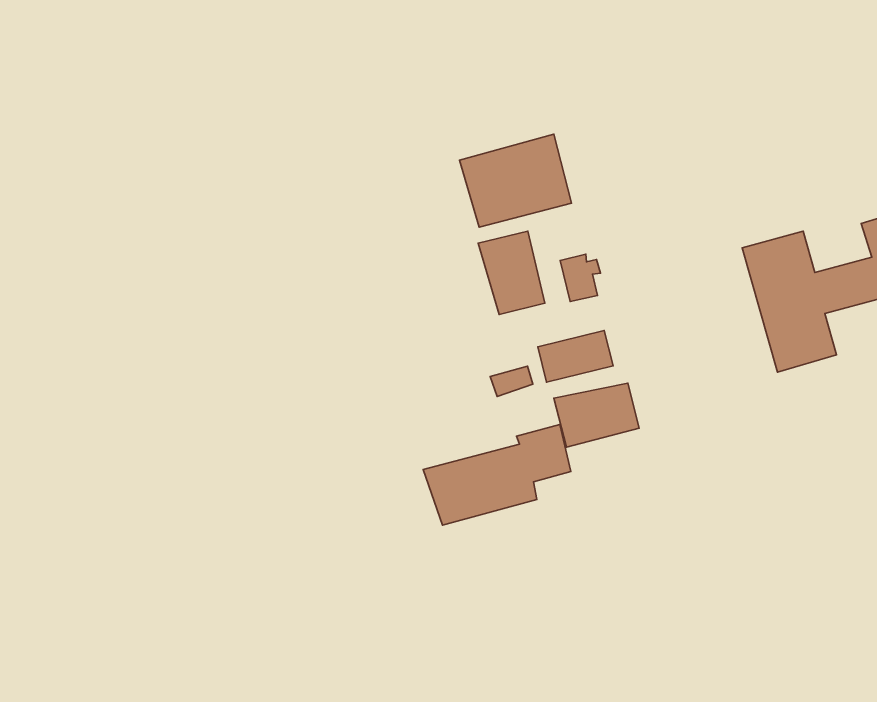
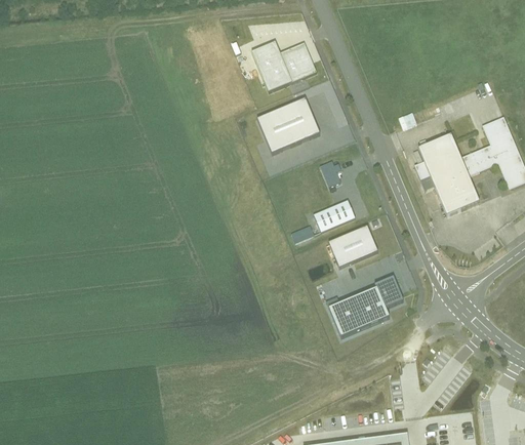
building: none -> [249,41,315,91]
building: [478,231,545,315] -> none
building: [423,425,571,525] -> [325,275,405,337]

